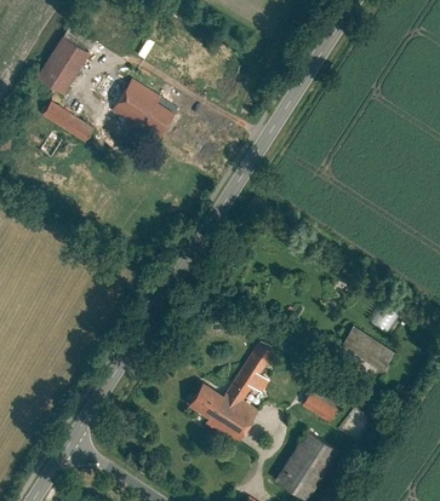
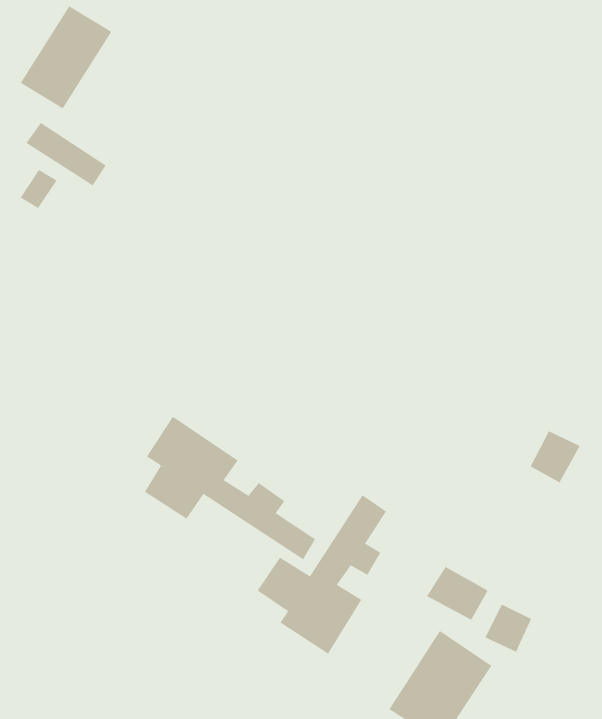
building: [113,79,177,142] -> none
building: none -> [144,416,316,560]
building: [338,326,395,375] -> none

